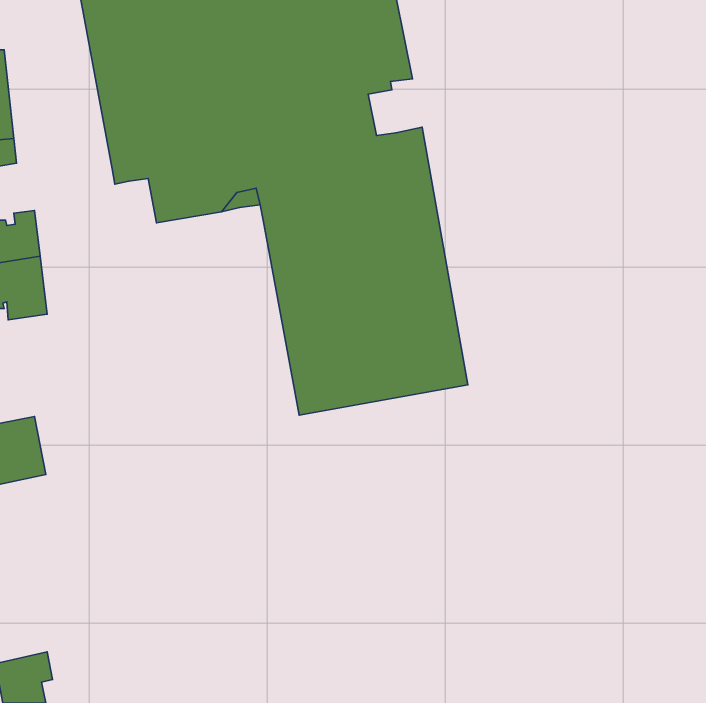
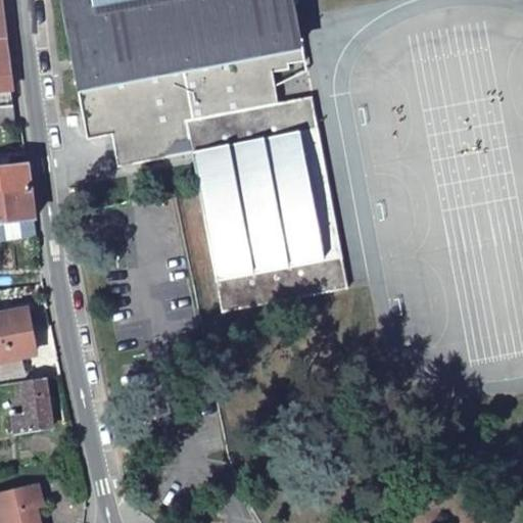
building: none -> [12,375,51,429]

